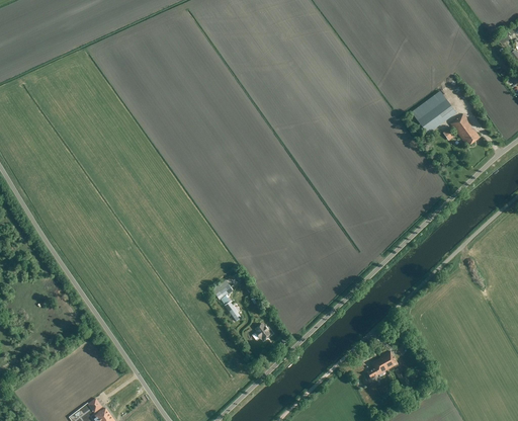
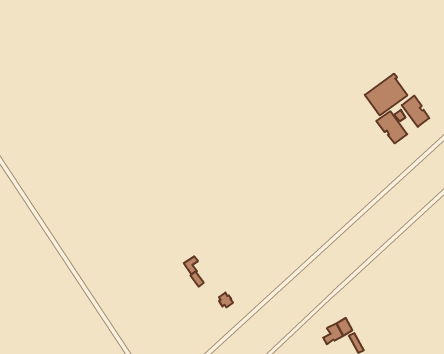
building: none -> [376,111,407,143]

